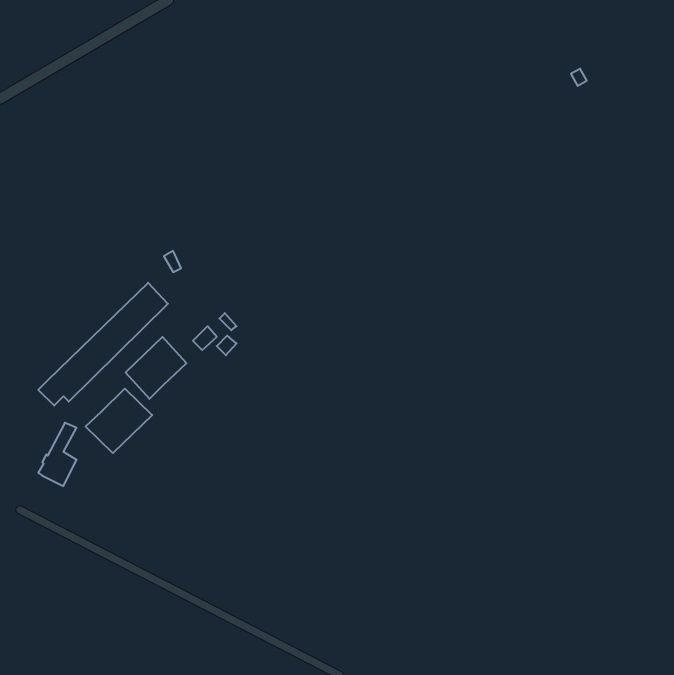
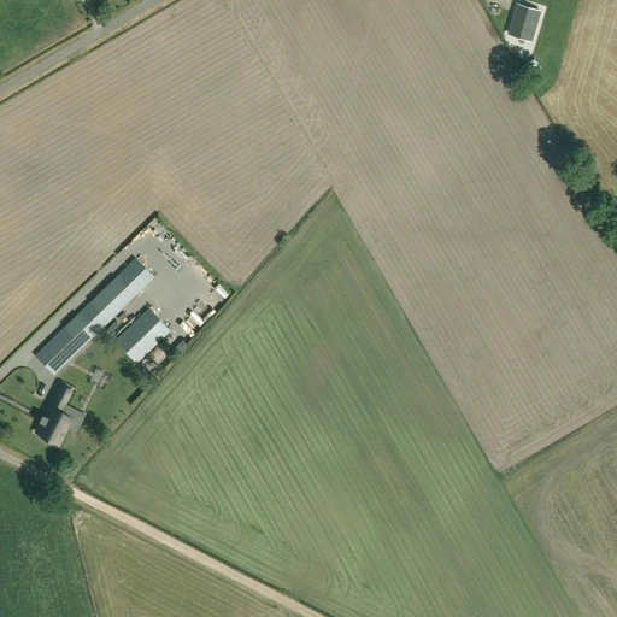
building: none -> [507,5,540,41]
building: [86,389,152,453] -> none

